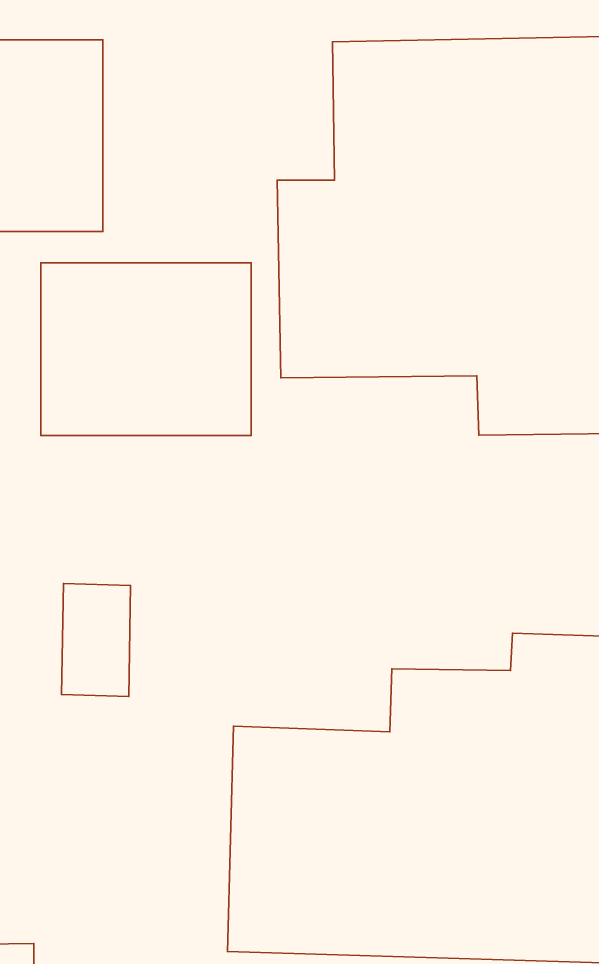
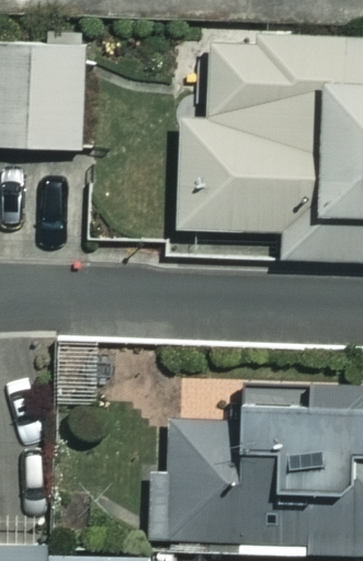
building: [41,263,251,435] -> none

